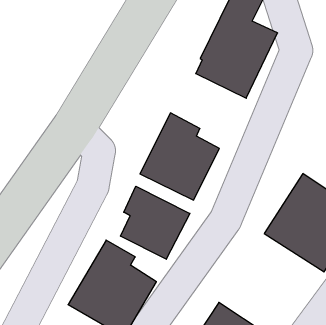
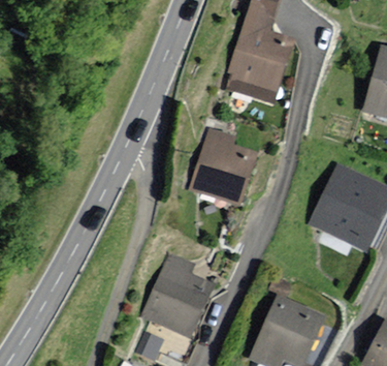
building: [121,186,190,259] -> none

